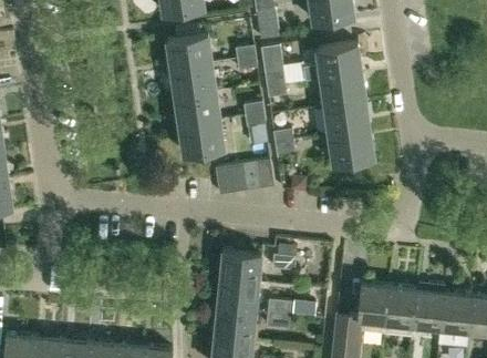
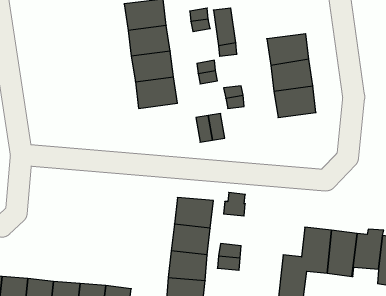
building: [303,43,361,80] -> none
building: [215,163,247,194] -> none

